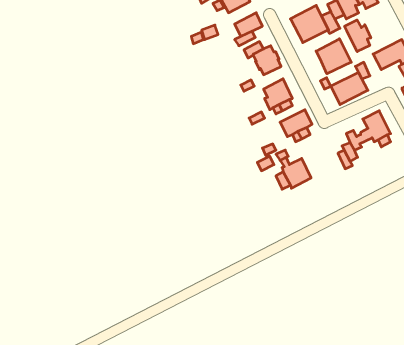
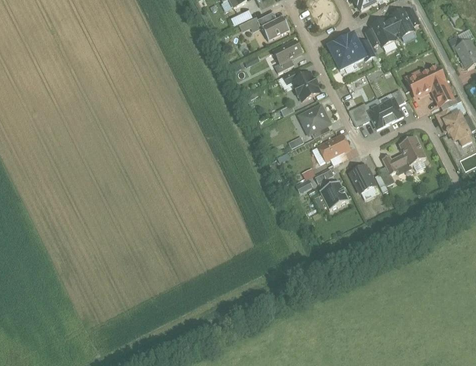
building: [345,20,371,52] -> none
building: [316,39,351,74] -> none
building: none -> [350,164,375,192]

